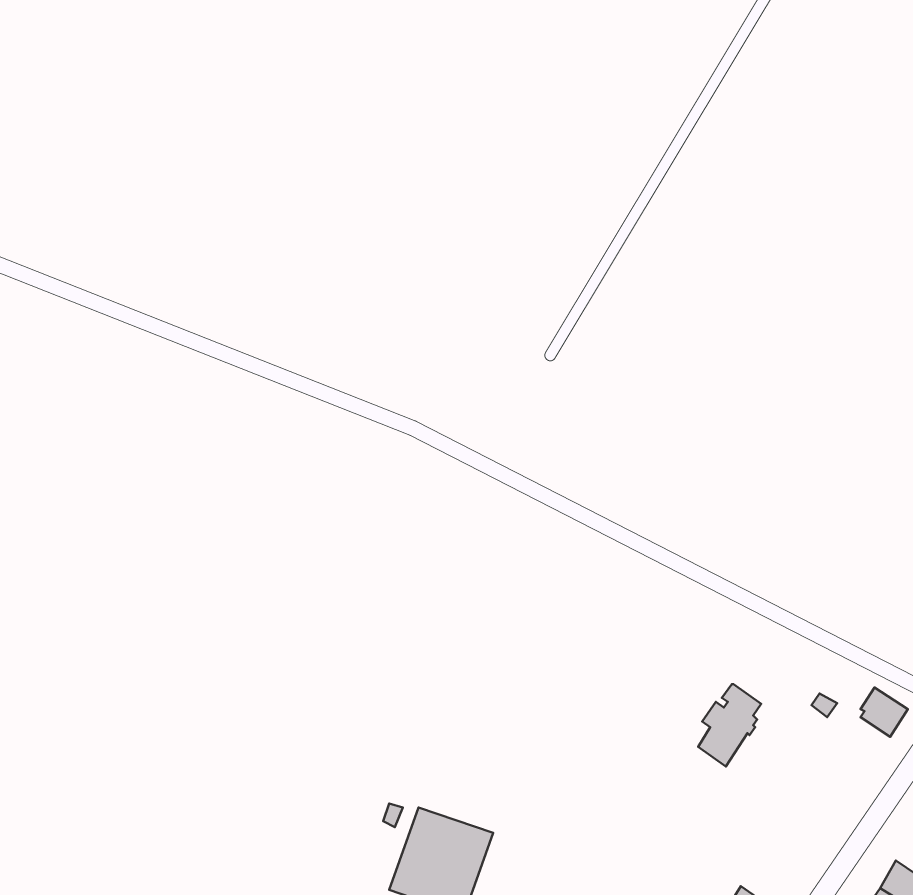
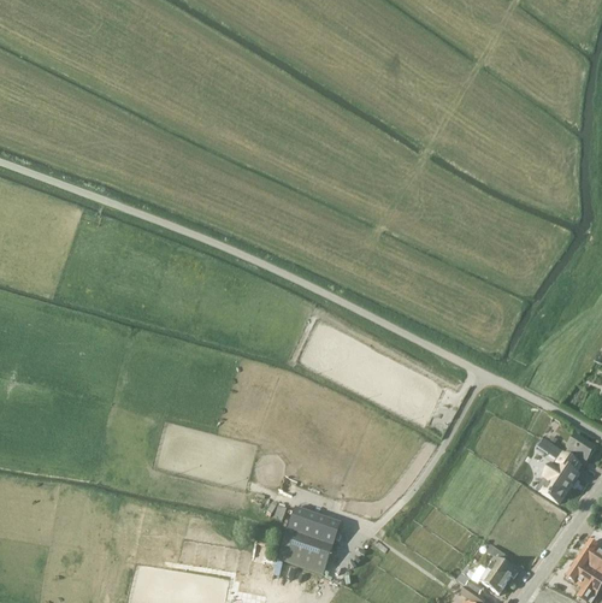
building: [698,684,761,767] -> [542,453,580,503]

